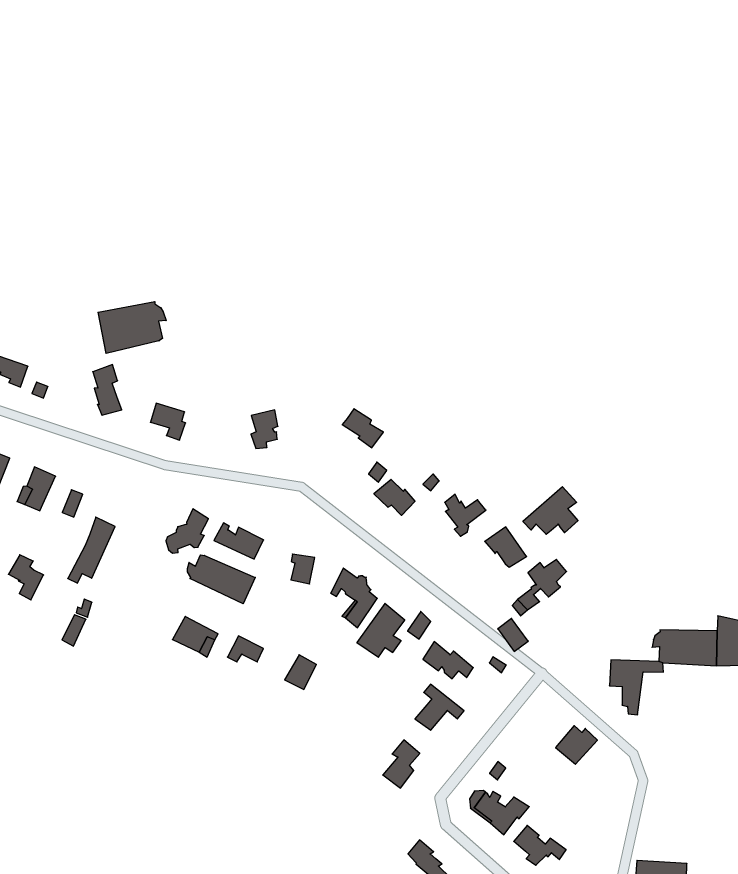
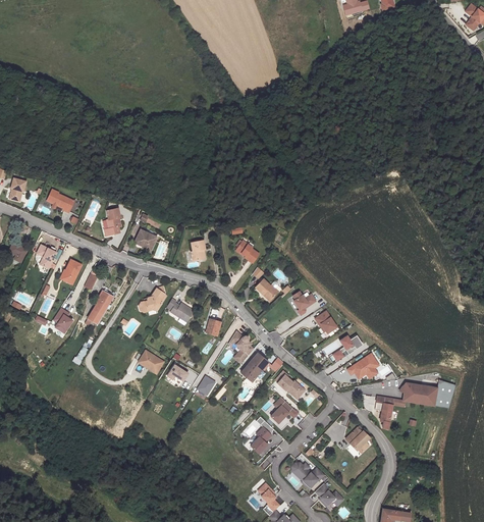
building: [98,302,166,353] -> none
building: [523,487,578,534] -> [346,354,377,379]
building: [187,555,255,604] -> none

